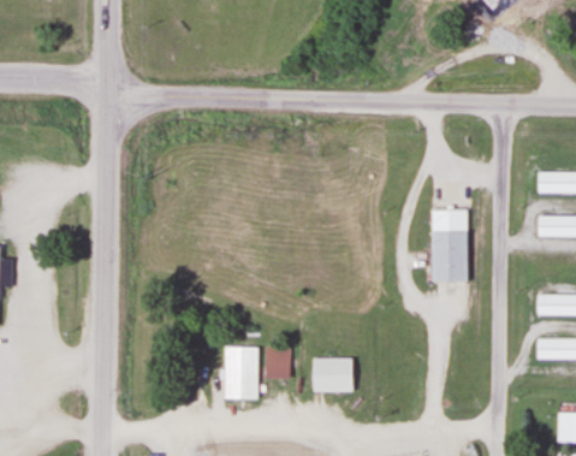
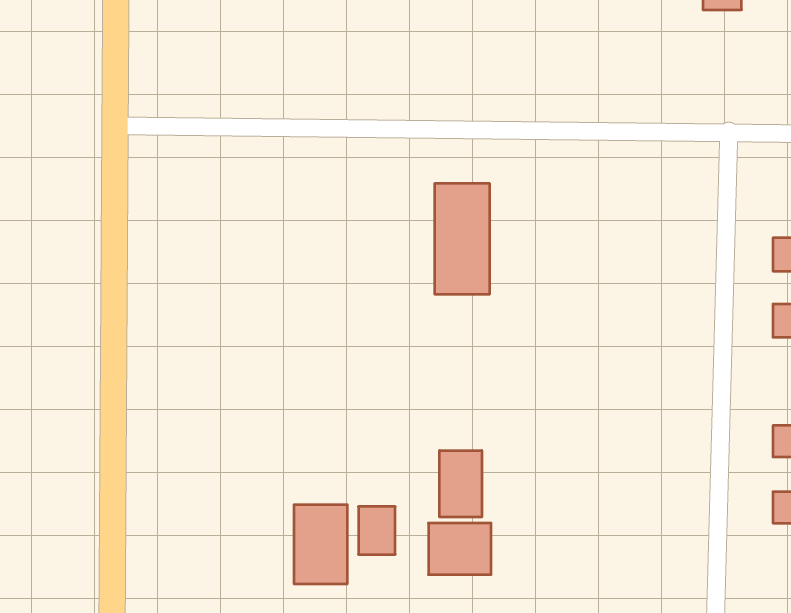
building: [430,209,467,282] -> [435,184,490,294]
building: none -> [440,450,482,517]

